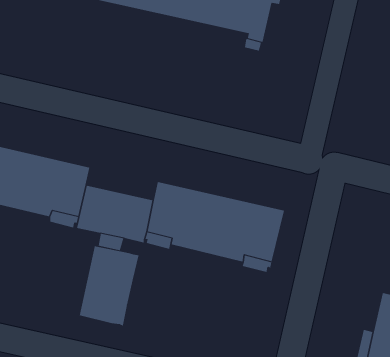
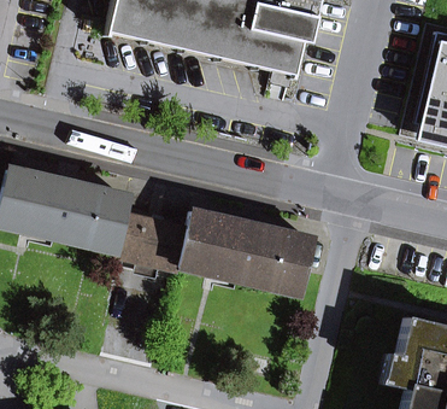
building: [79,246,139,326] -> none

